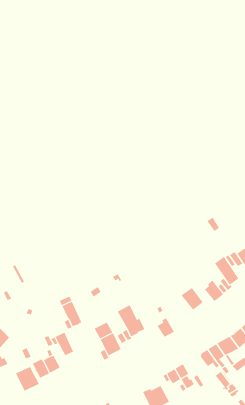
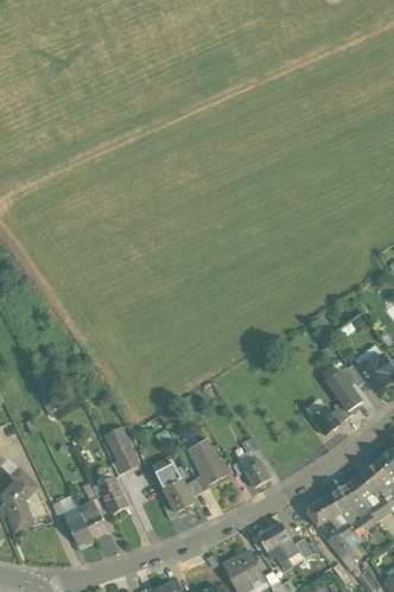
building: [181,287,203,310] -> none
building: [15,366,39,392] -> none

